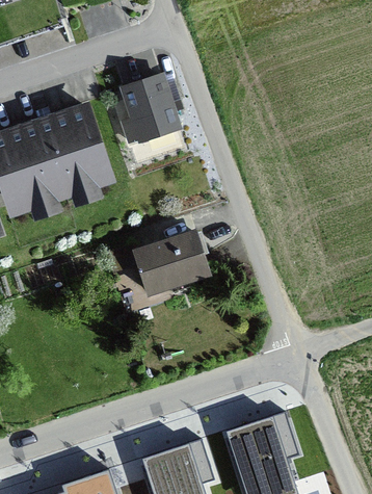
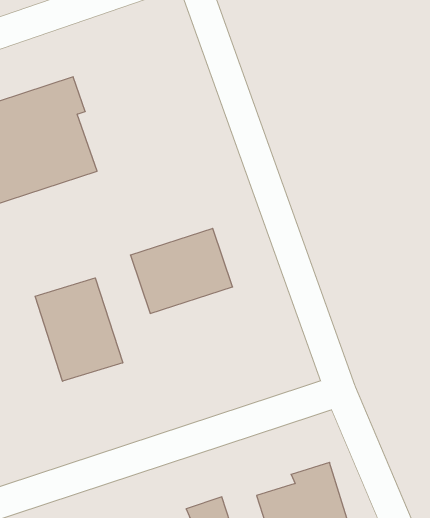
building: [123,78,177,144] -> none
building: none -> [35,278,123,381]

